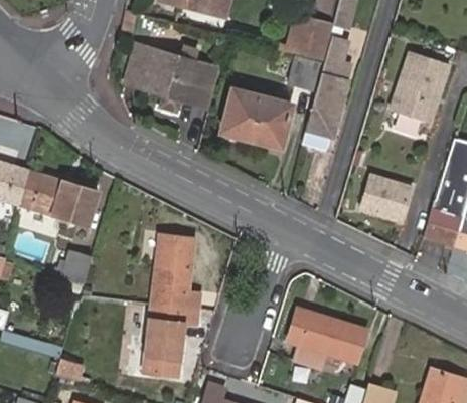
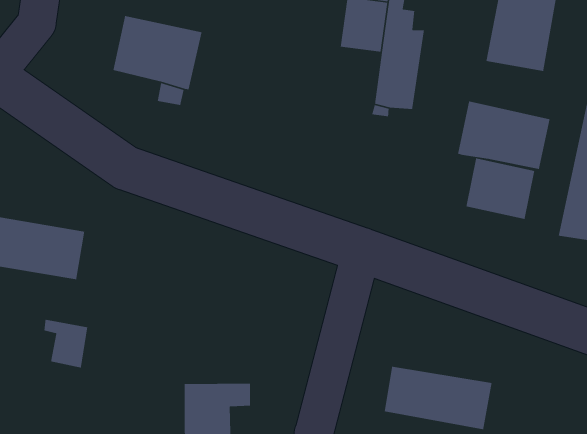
building: [180,63,220,114] -> none
building: [221,89,293,148] -> none
building: none -> [457,101,551,170]
building: [152,235,200,310] -> none

